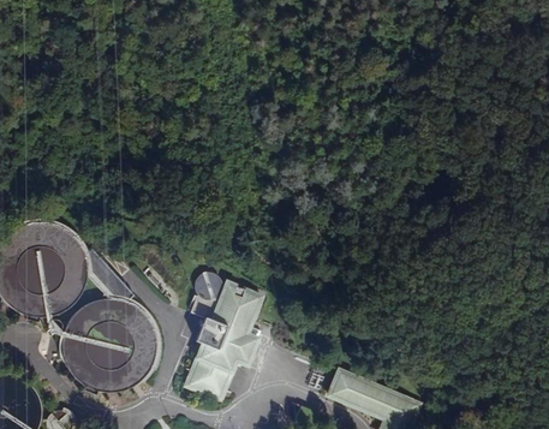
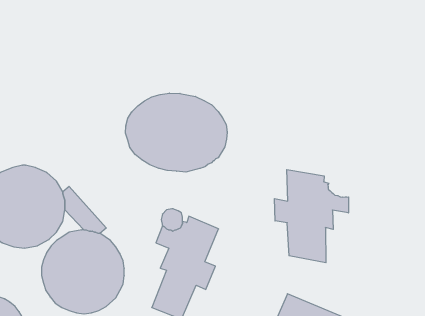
building: none -> [125,93,227,172]
building: none -> [275,170,349,263]

